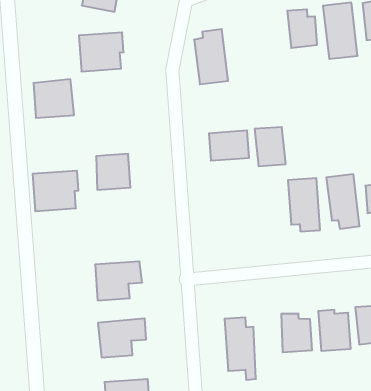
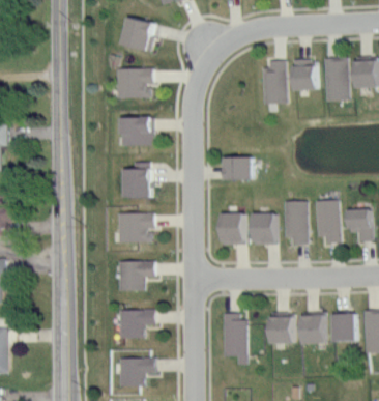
building: [194,29,228,84] -> [261,60,287,105]
building: [33,79,74,118] -> [122,115,154,145]
building: [255,127,286,166] -> [253,212,276,244]
building: [33,171,78,211] -> [118,211,155,242]
building: none -> [220,212,245,245]

